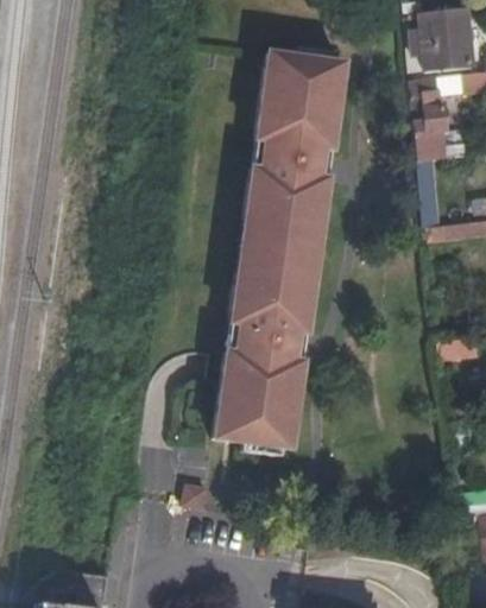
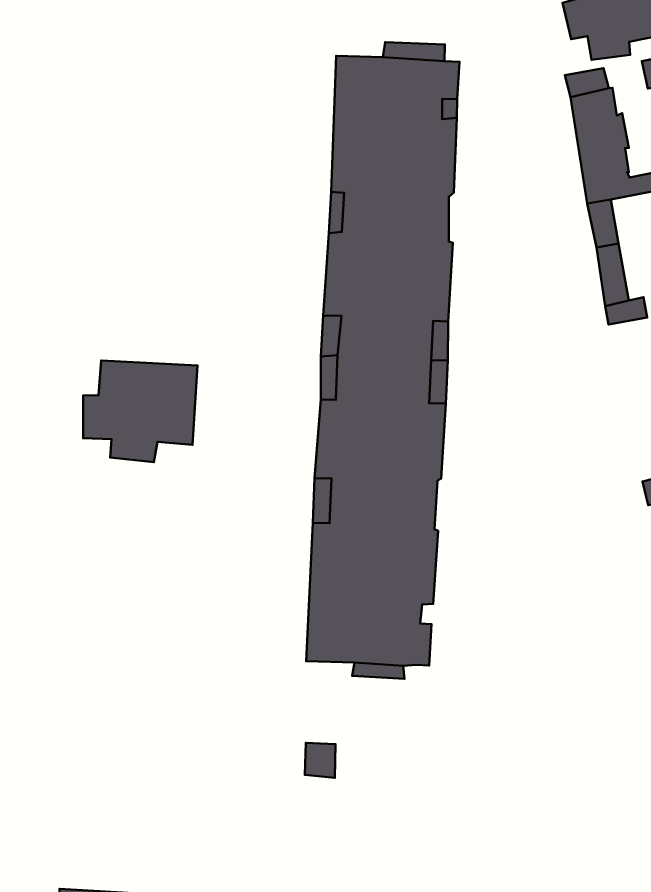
building: none -> [83,361,197,462]

